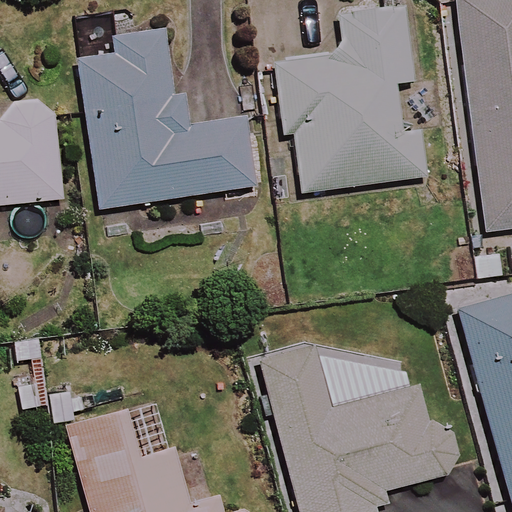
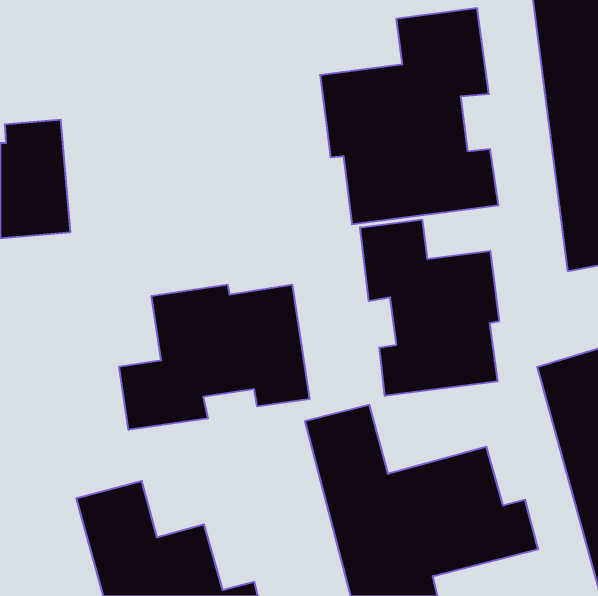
building: [78,31,257,207] -> none
building: none -> [360,220,499,396]
building: none -> [119,285,309,430]

